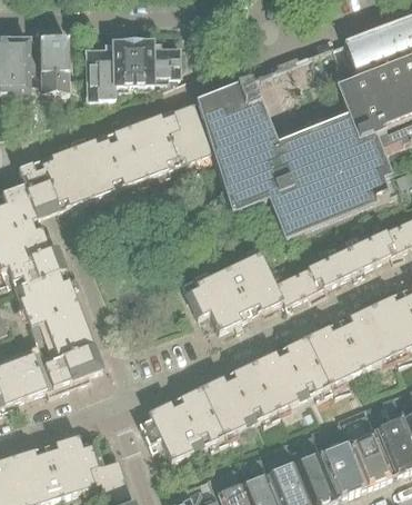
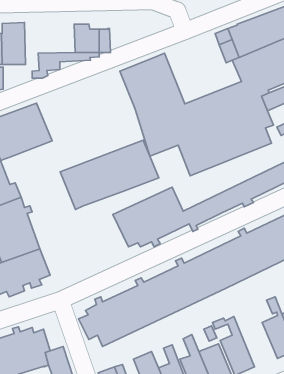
building: [88,40,135,78] -> none
building: [86,101,213,191] -> [60,140,159,210]
building: [342,412,394,485] -> none

